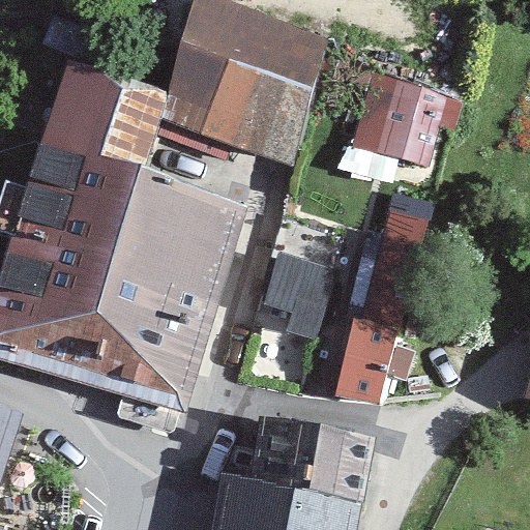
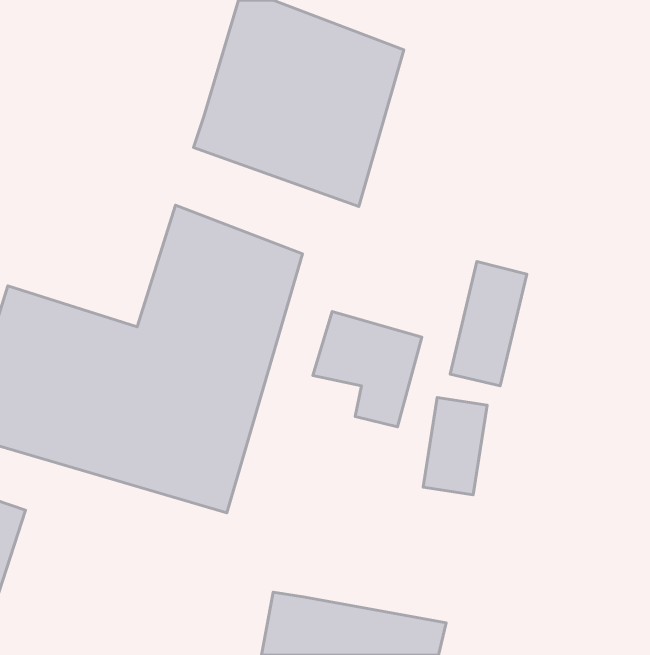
building: [6,61,165,264] -> none
building: [375,78,451,169] -> none
building: [246,414,372,503] -> none

